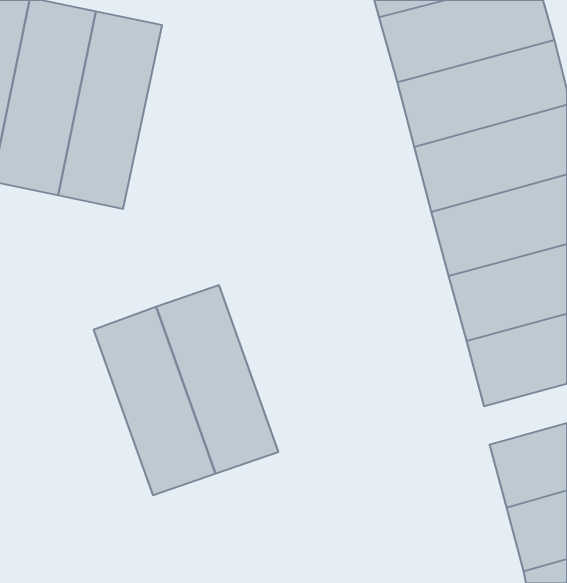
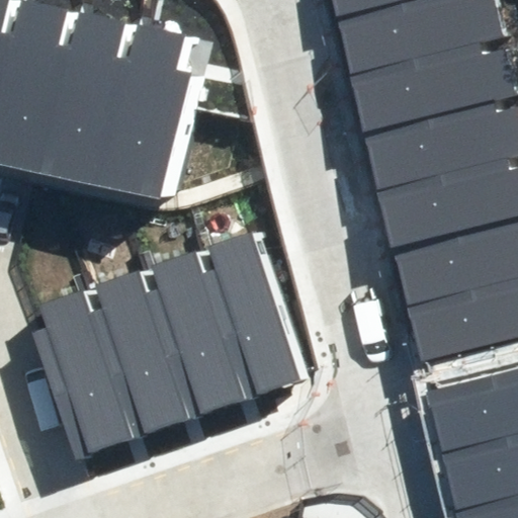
building: none -> [109,22,194,197]
building: none -> [194,233,303,401]
building: none -> [35,292,136,459]

